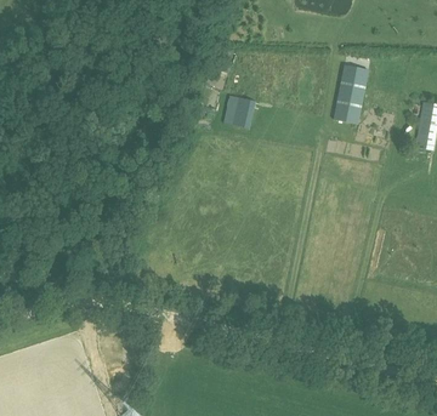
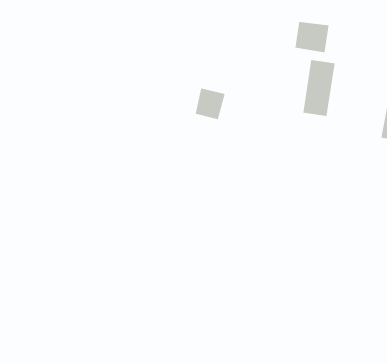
building: none -> [295,21,329,53]

